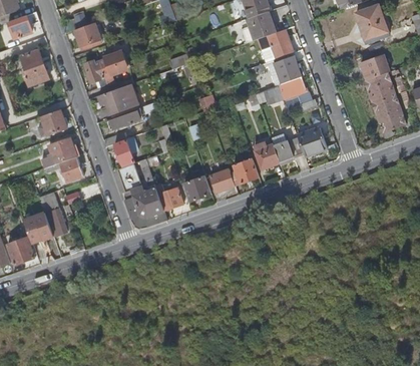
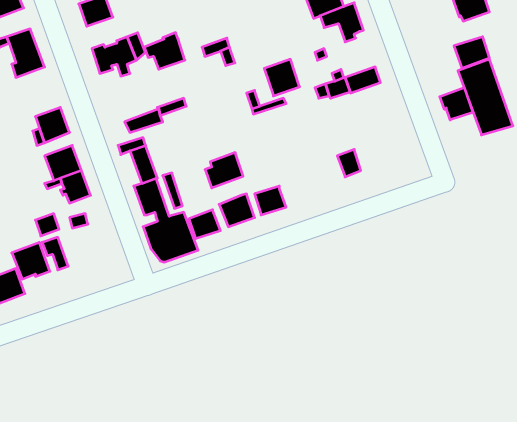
building: [274,57,301,85] -> [264,59,300,96]
building: [98,87,129,115] -> [144,33,185,69]
building: none -> [440,88,473,120]
building: [295,126,325,155] -> none
building: [254,144,278,169] -> none
building: [228,158,257,186] -> [205,153,243,188]

